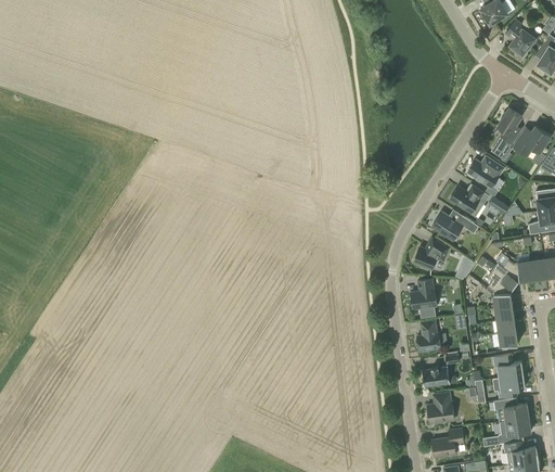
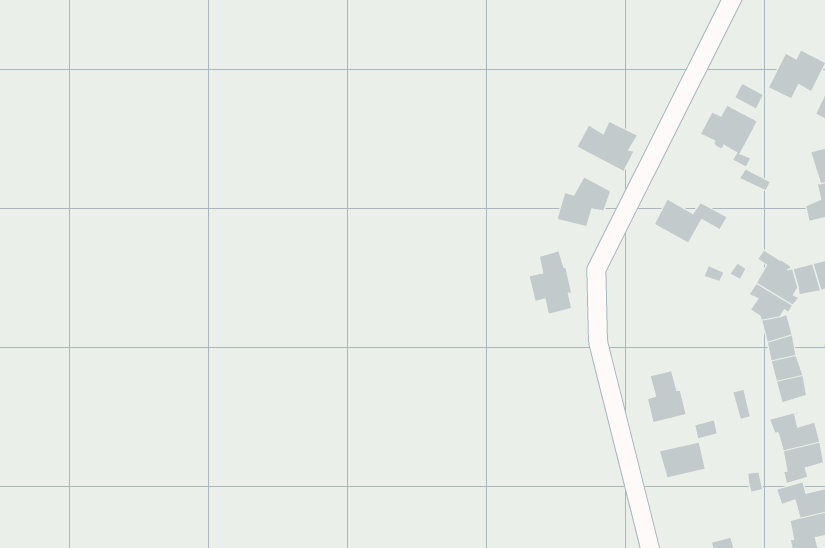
building: [496,109,520,143] -> none
building: [449,186,488,218] -> [577,121,638,171]
building: [412,238,448,269] -> [557,177,611,226]
building: [410,279,436,318] -> [529,251,572,314]
building: [426,393,453,424] -> none

